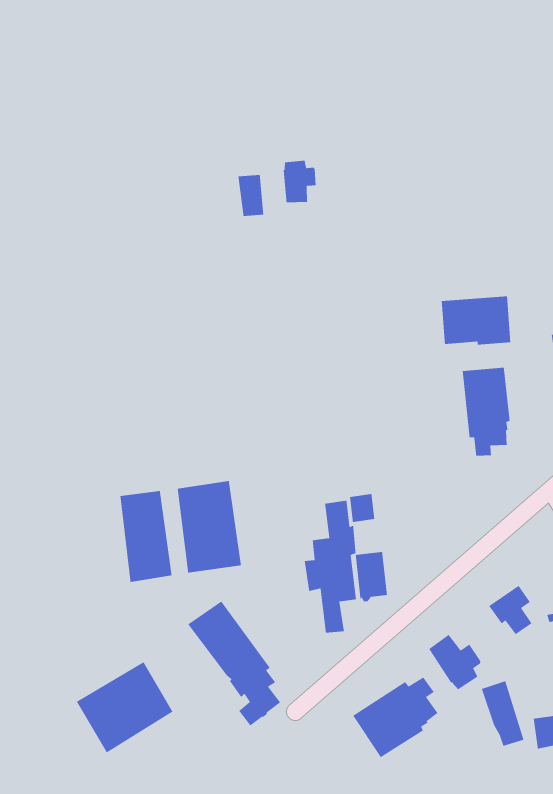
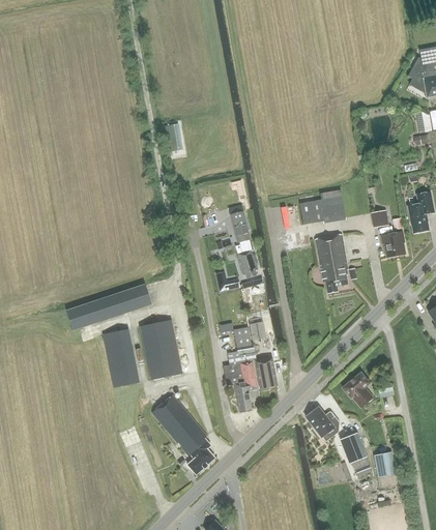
building: [283,160,317,203] -> none
building: none -> [229,210,258,277]
building: none -> [65,283,151,330]
building: [76,661,173,753] -> none
building: [352,676,439,758] -> none

